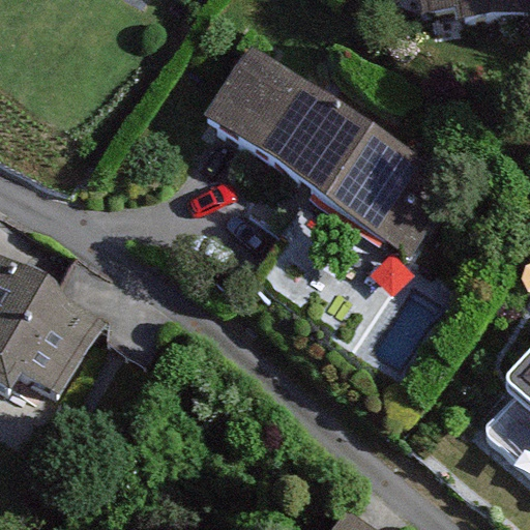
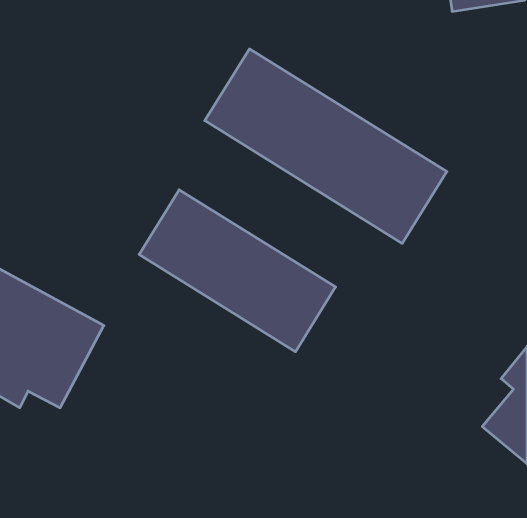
building: none -> [139,190,336,352]

